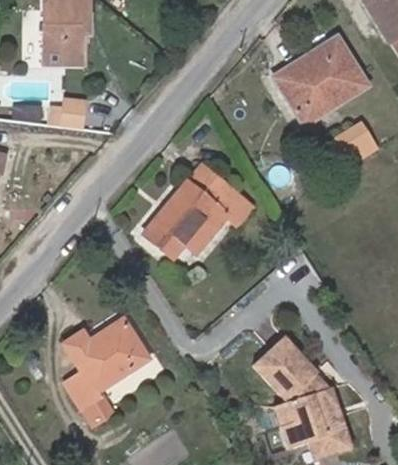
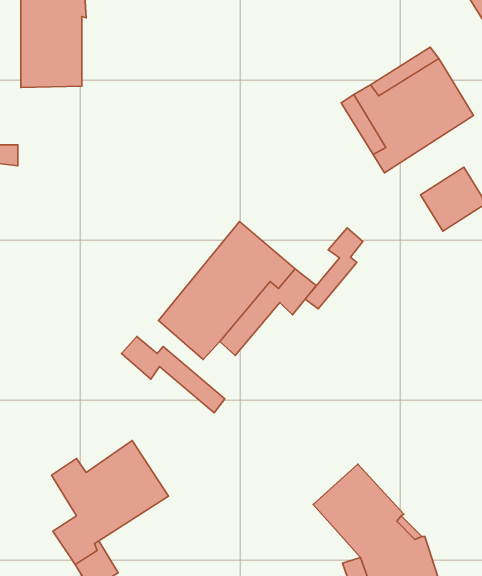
building: [49,96,89,126] -> none
building: none -> [305,228,363,309]
building: none -> [122,336,225,413]

